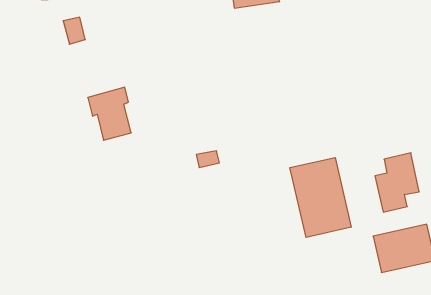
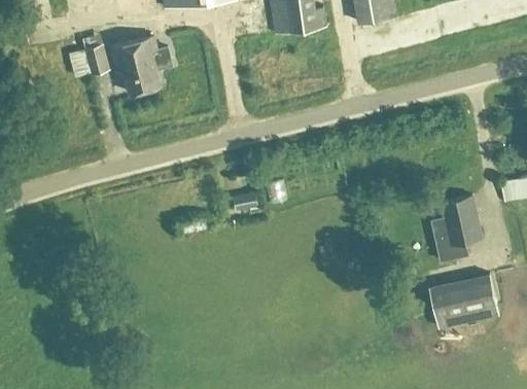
building: [88,87,131,140] -> [112,36,161,95]
building: [290,158,351,237] -> none

